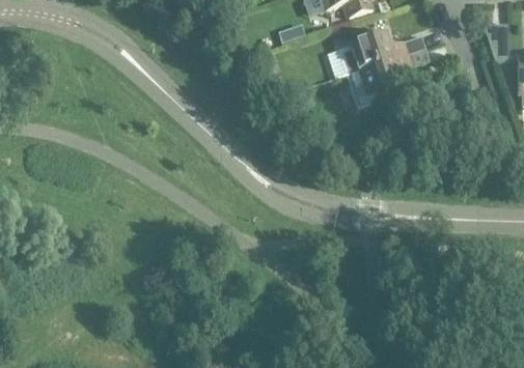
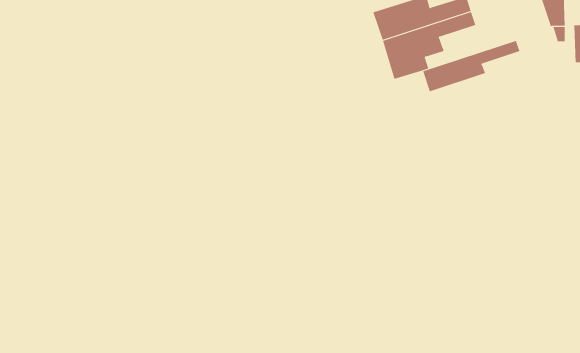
building: none -> [423,40,520,92]

